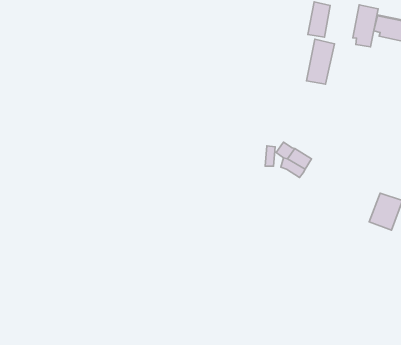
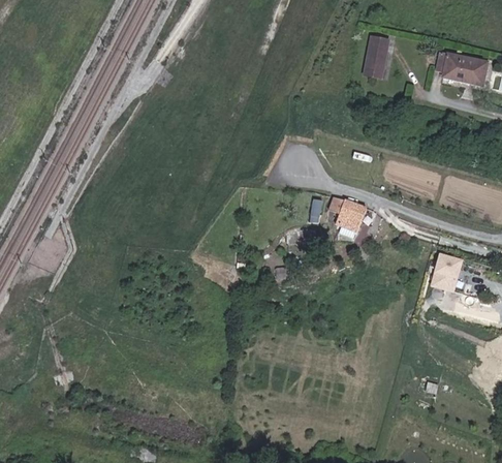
building: [353,5,378,47] -> none
building: [306,39,334,84] -> none

